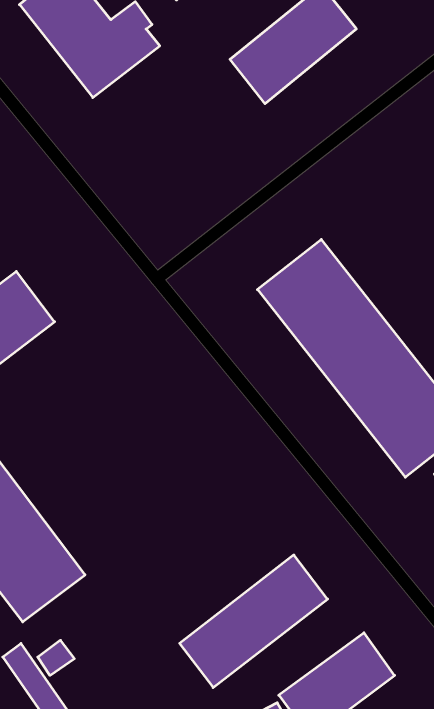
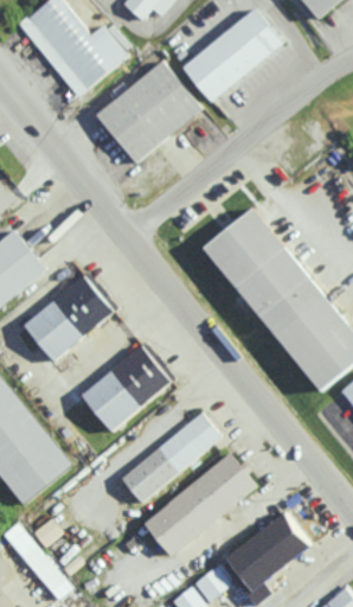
building: none -> [95,60,201,161]
building: none -> [24,273,117,359]
building: none -> [82,341,175,430]
building: none -> [121,413,220,501]

